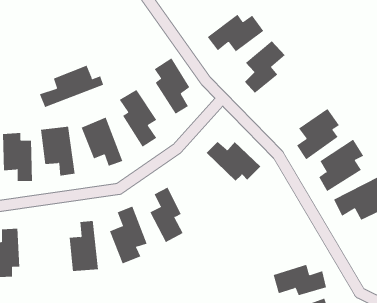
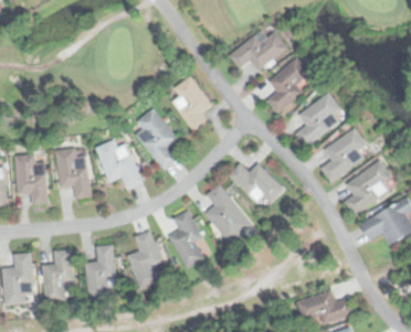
building: [39,65,104,108] -> none
building: none -> [295,93,346,147]
building: none -> [203,183,252,244]
building: none -> [42,249,73,301]

